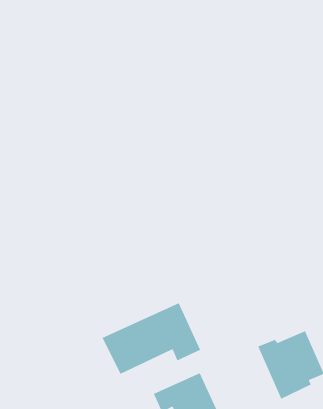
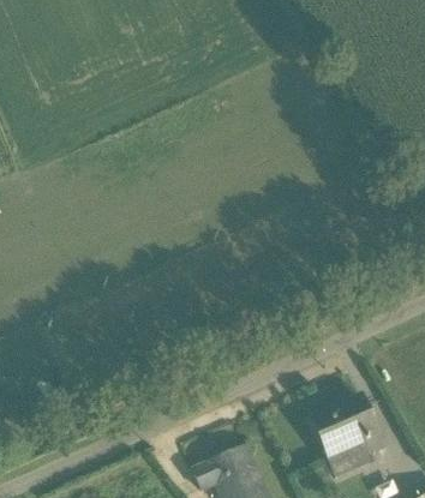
building: [102,302,201,375] -> none

